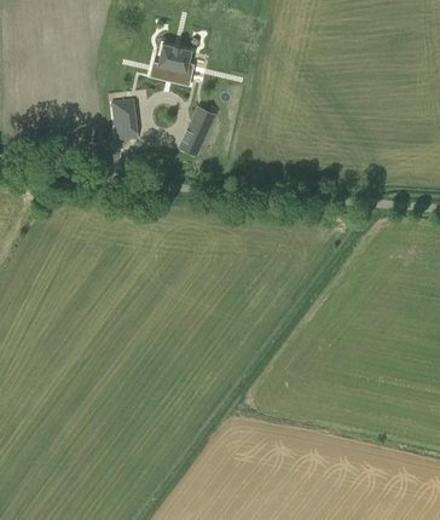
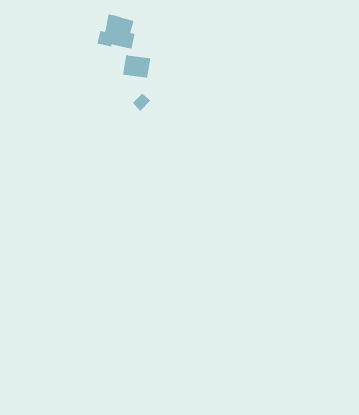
building: [112,100,138,140] -> none

